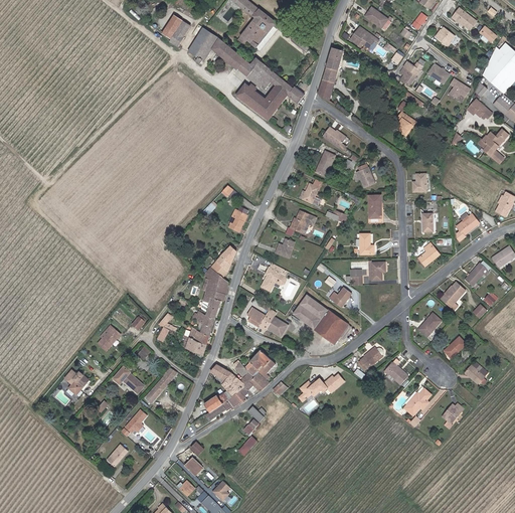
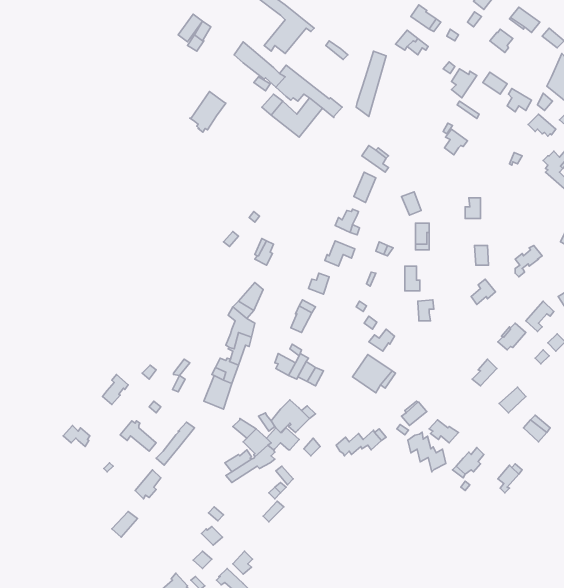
building: [188,28,219,63] -> [190,91,226,132]
building: [293,294,327,328] -> none
building: none -> [408,432,446,472]

